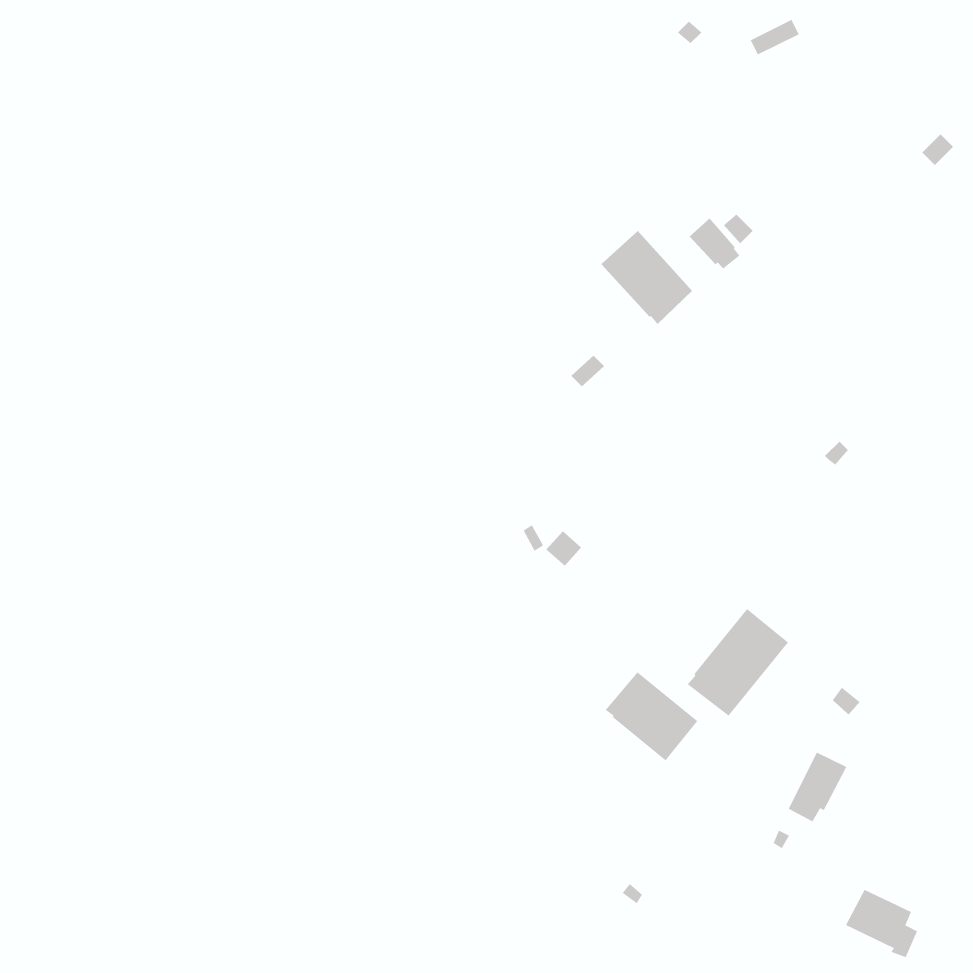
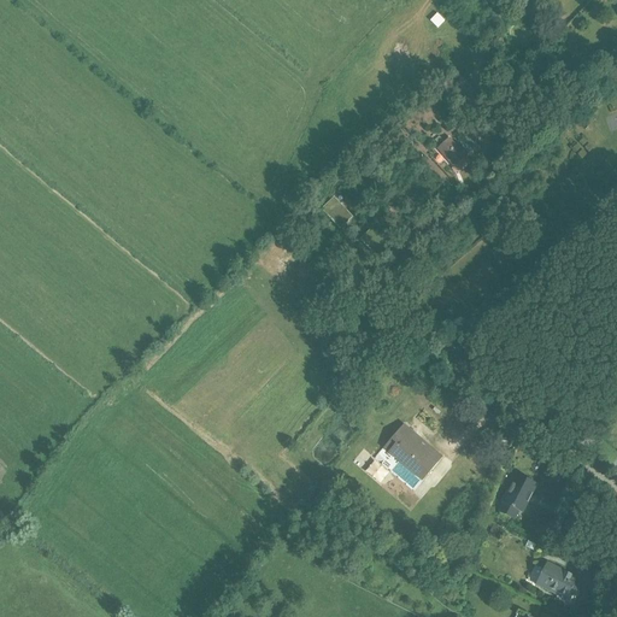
building: [600,230,693,325] -> none
building: [687,608,789,716] -> none

